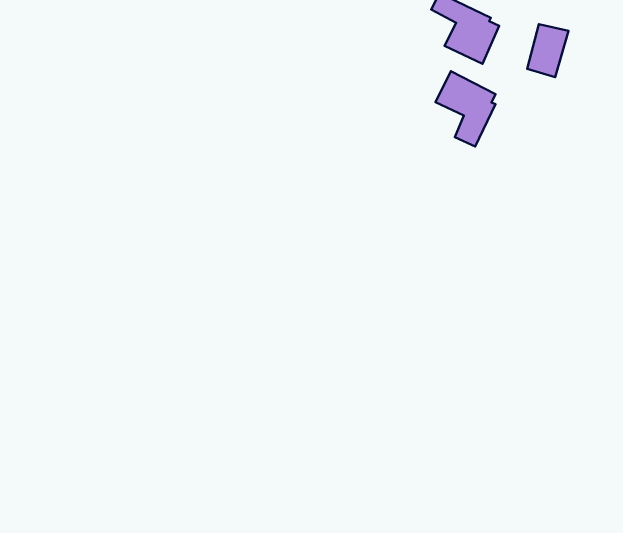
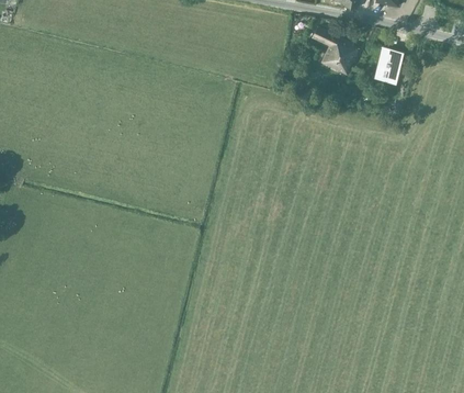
building: [436,71,496,147] -> none

